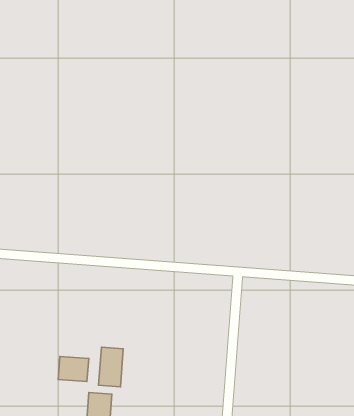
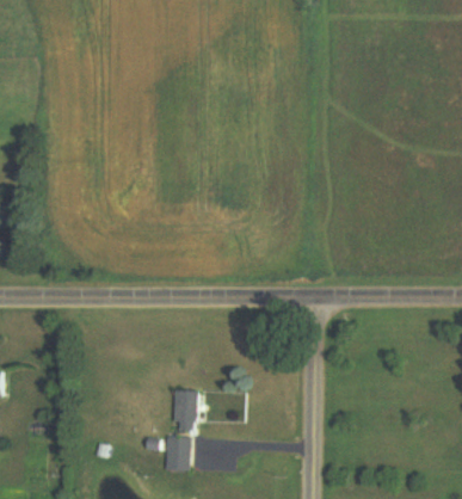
building: [58,357,89,382] -> none

